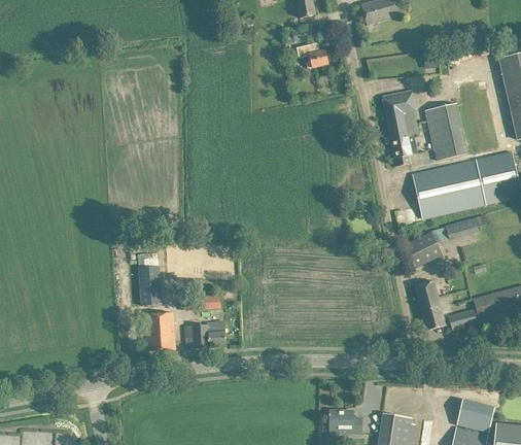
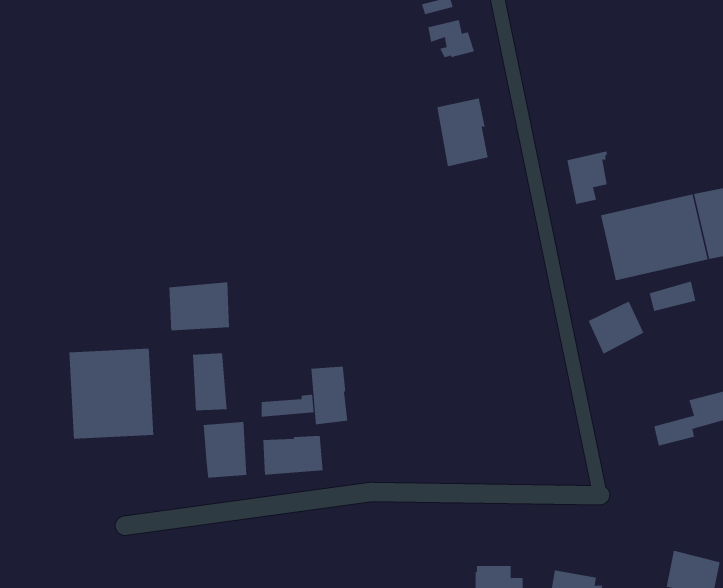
building: [383,90,418,136] -> [437,98,489,167]
building: [426,102,467,160] -> none
building: none -> [169,282,230,331]
building: none -> [69,348,154,440]
building: none -> [311,366,348,425]
building: [415,279,446,330] -> none

